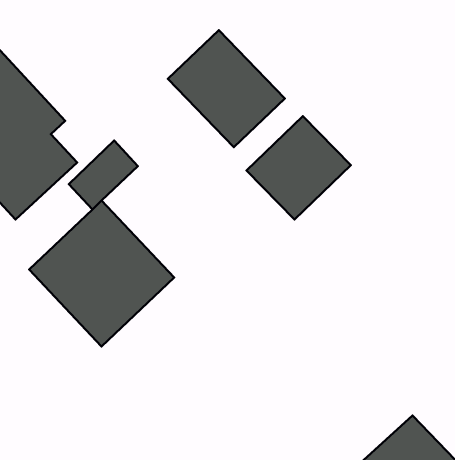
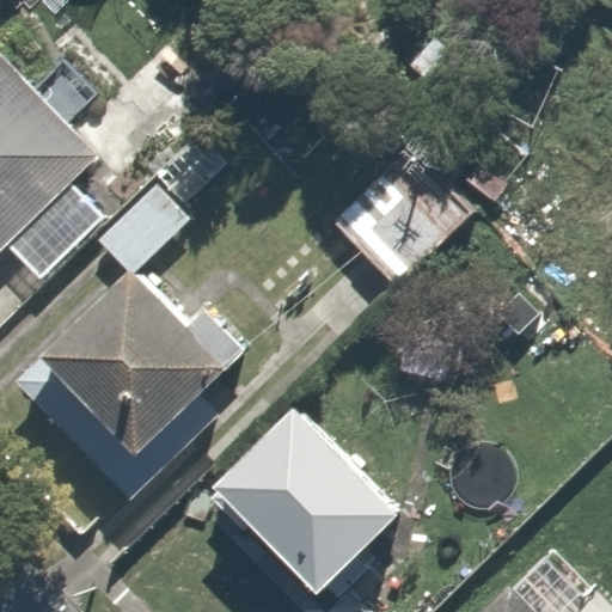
building: [168,30,285,147] -> none
building: none -> [214,404,409,599]

